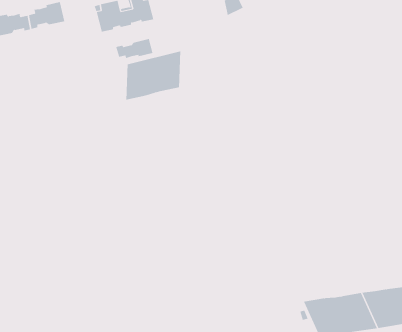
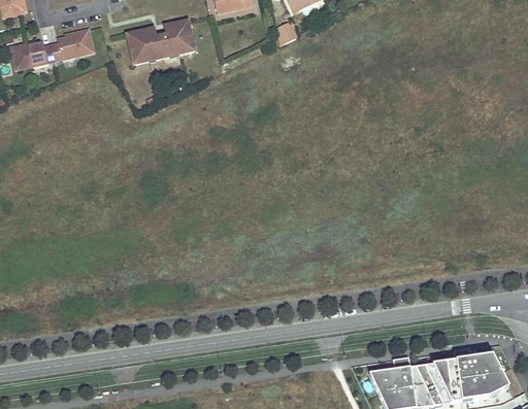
building: [115,38,153,59] -> none
building: [126,50,181,101] -> none

